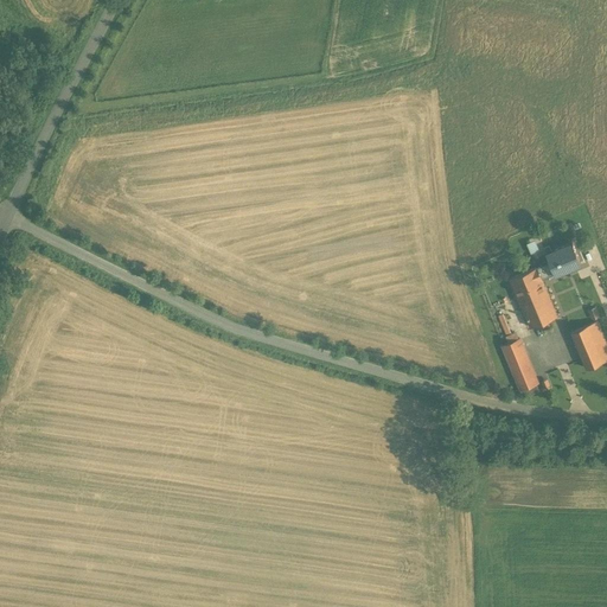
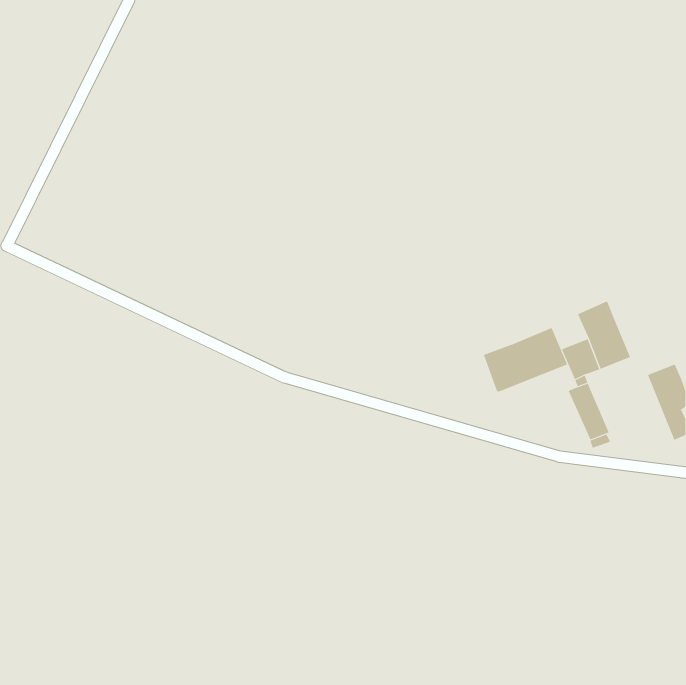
building: [537,243,581,280] -> none
building: none -> [483,327,568,392]

